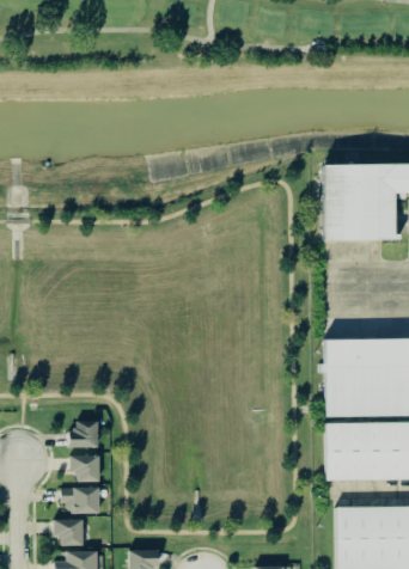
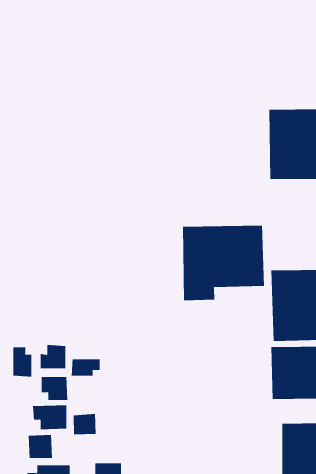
building: none -> [182,225,265,301]
building: none -> [13,346,32,377]
building: none -> [71,359,100,377]
building: none -> [73,413,96,435]

